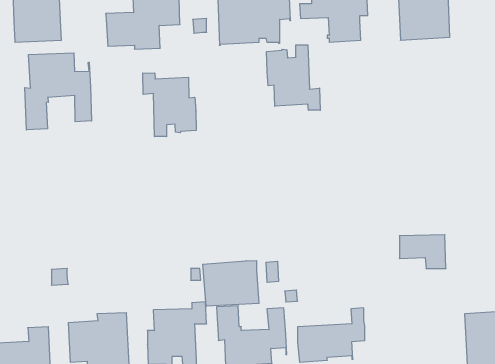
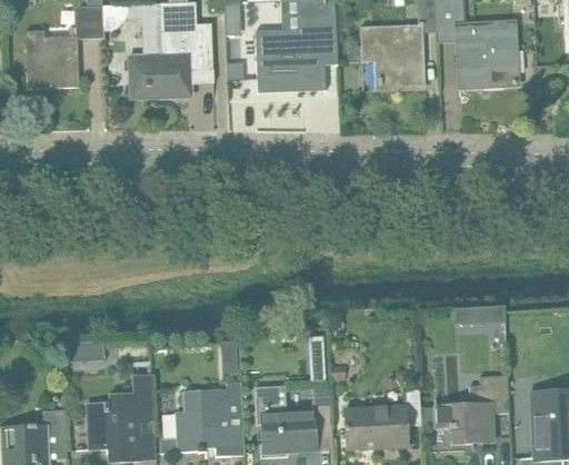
building: [266,45,320,110] -> none
building: [25,53,92,130] -> none
building: [143,73,196,137] -> none
building: [203,261,259,306] -> none
building: none -> [420,375,509,444]

